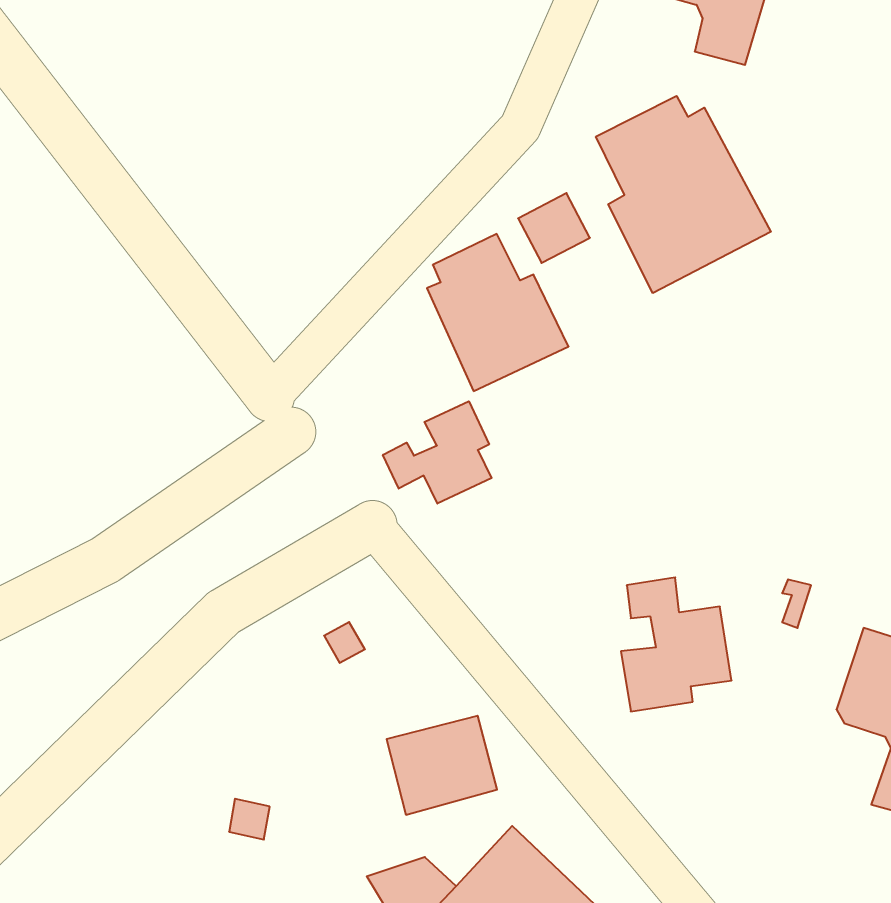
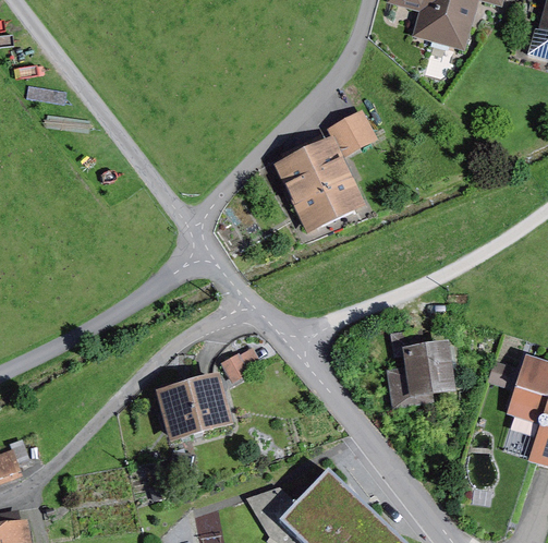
building: [596,96,771,293] -> none
building: [383,401,492,504] -> none
building: [387,716,497,815] -> [163,383,226,438]

